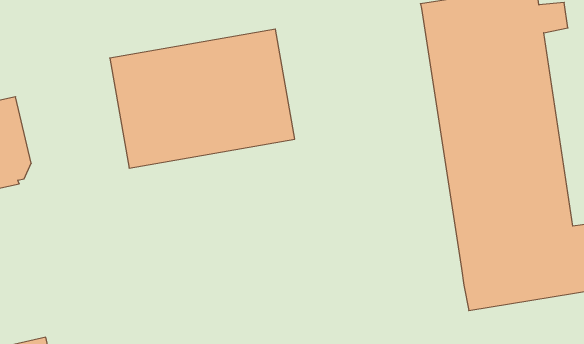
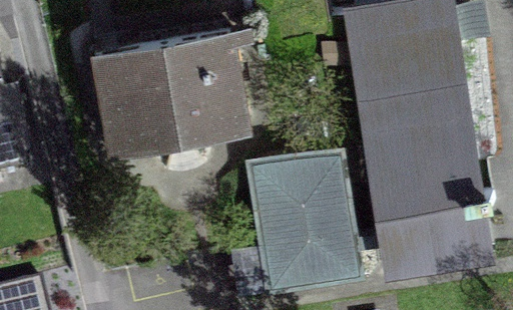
building: none -> [251,151,385,286]

